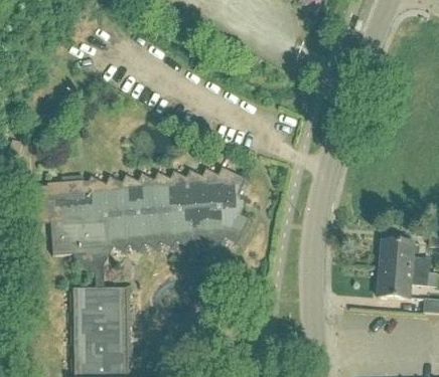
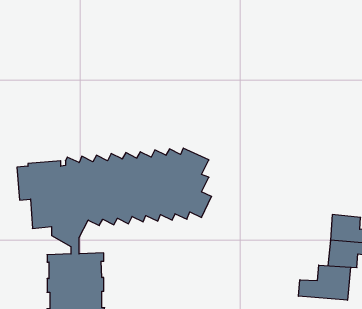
building: none -> [298,265,351,300]

